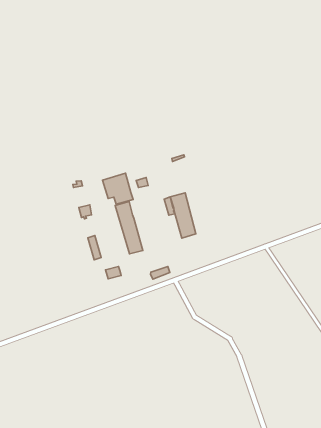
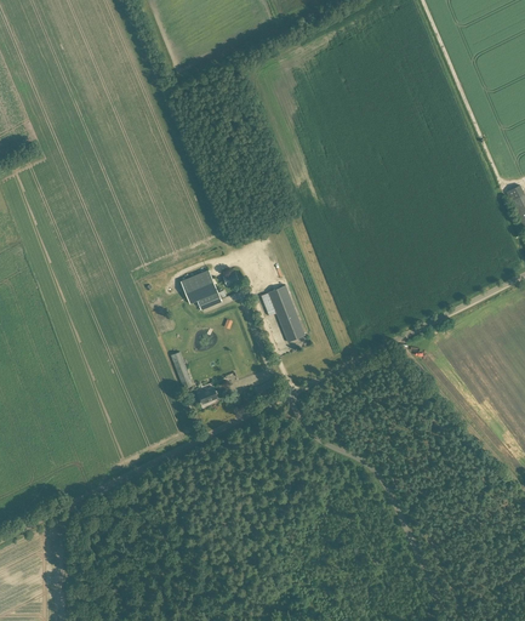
building: [115,201,143,254] -> none

